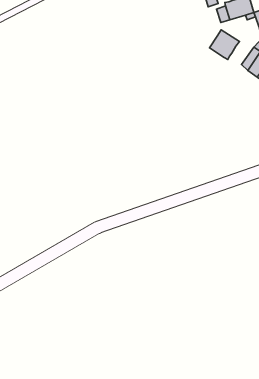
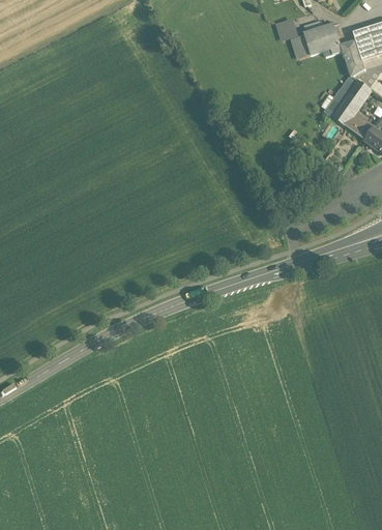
building: [210,30,240,59] -> none

